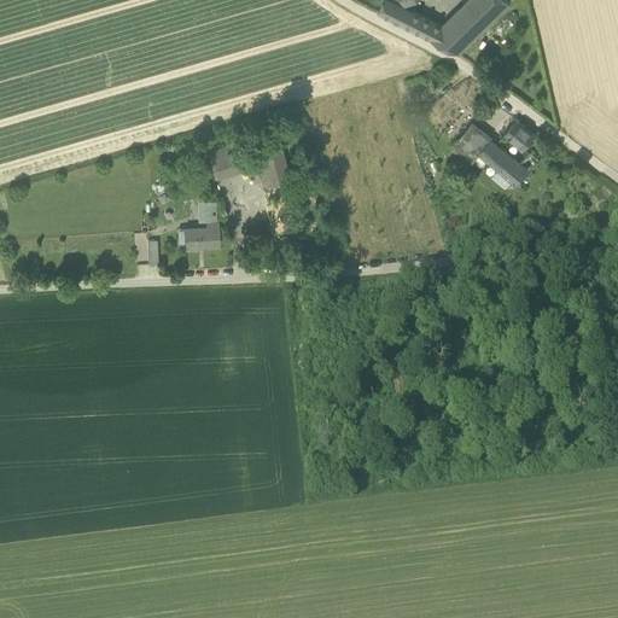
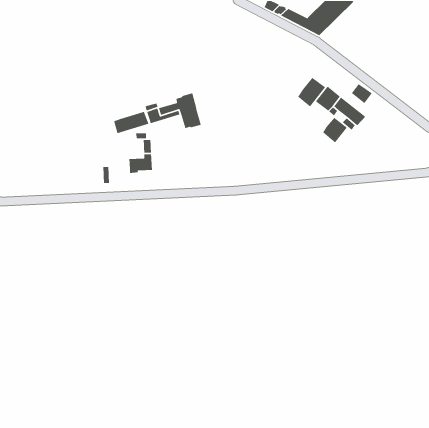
building: none -> [297,77,326,107]
building: none -> [113,111,149,134]
building: none -> [322,117,348,144]

